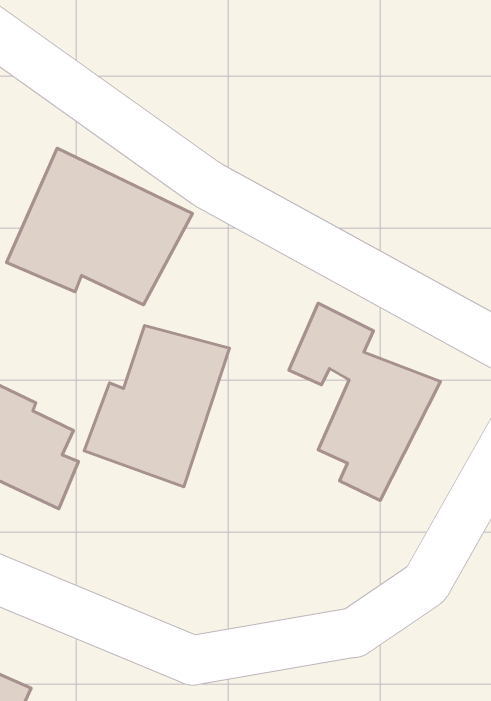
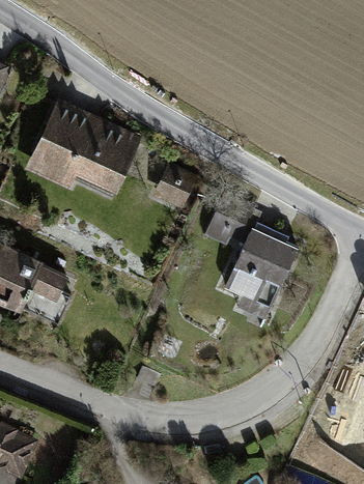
building: none -> [152,163,196,211]
building: [84,326,229,487] -> none

